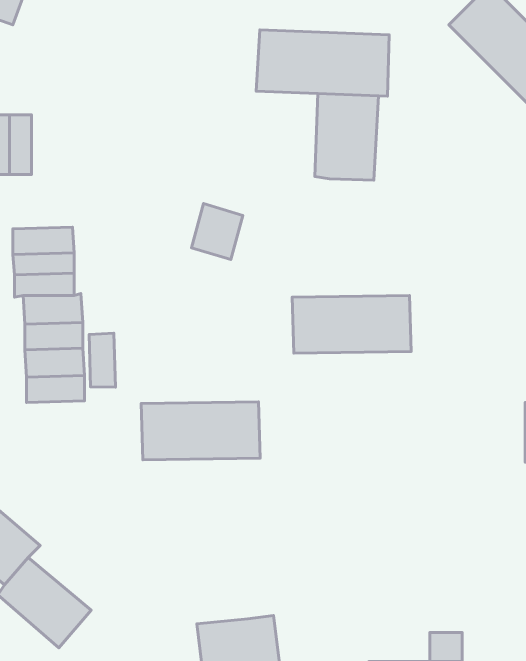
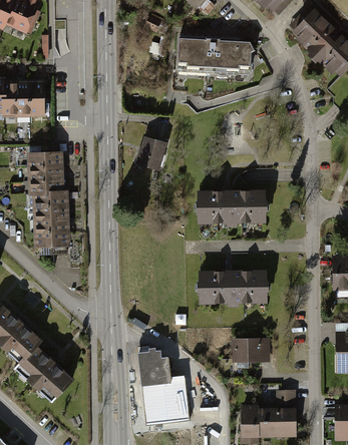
building: [315,94,379,180] -> none
building: [89,333,116,387] -> none
building: [141,402,260,460] -> [196,270,266,304]
building: none -> [228,334,270,364]
building: none -> [134,346,168,384]

